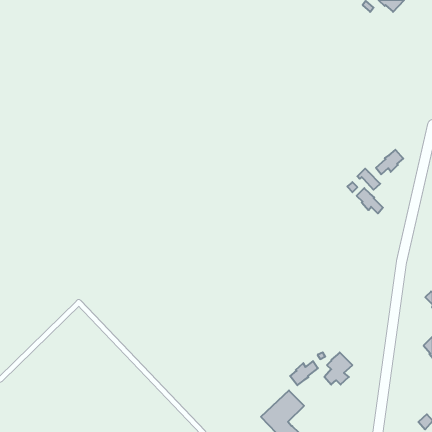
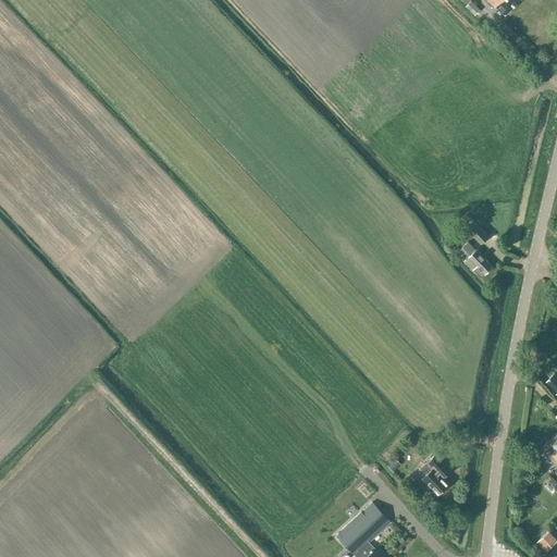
building: [376,150,403,174] -> none
building: [290,361,318,385] -> none

